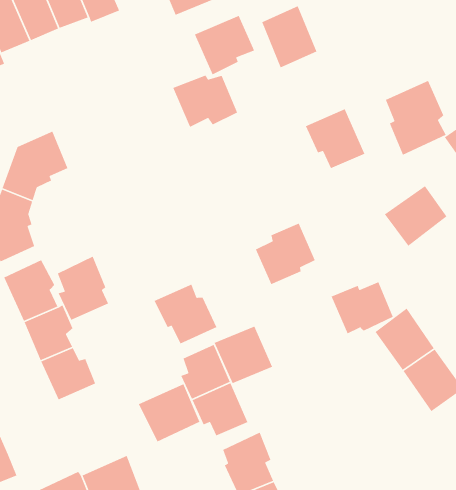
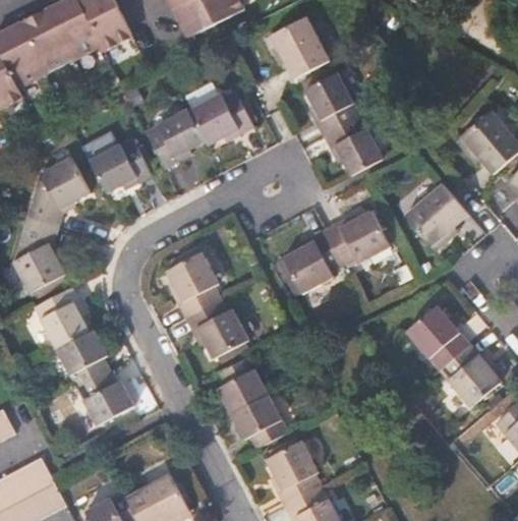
building: [194,15,255,76] -> [145,107,207,169]
building: none -> [306,73,361,135]
building: [385,80,447,156] -> none
building: none -> [89,137,154,194]
building: [57,255,109,321] -> [168,252,222,319]
building: [331,281,394,334] -> [324,213,388,268]
building: [214,325,273,384] -> none
building: [138,383,201,443] -> none

